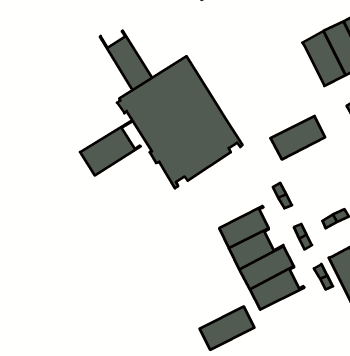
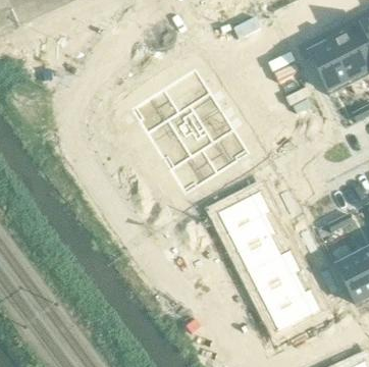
building: [100,31,152,90] -> none
building: [270,116,325,159] -> [216,189,269,230]
building: [80,121,141,175] -> none
building: [200,307,254,350] -> [267,287,320,329]

